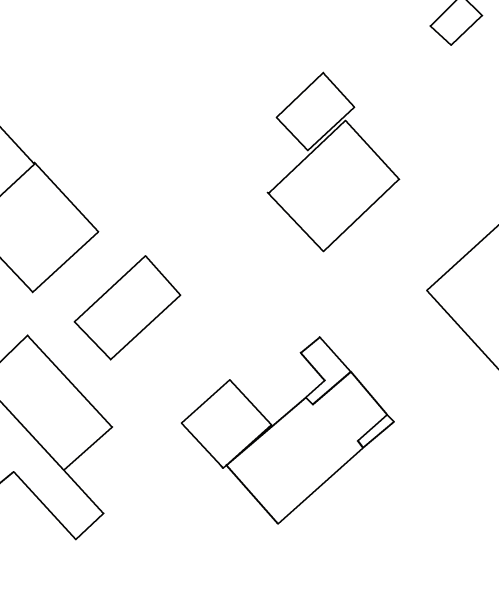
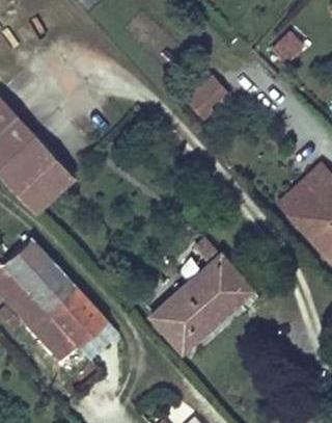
building: [268,121,399,251] -> none
building: [75,256,180,360] -> none
building: [182,380,271,468] -> [53,293,107,346]

